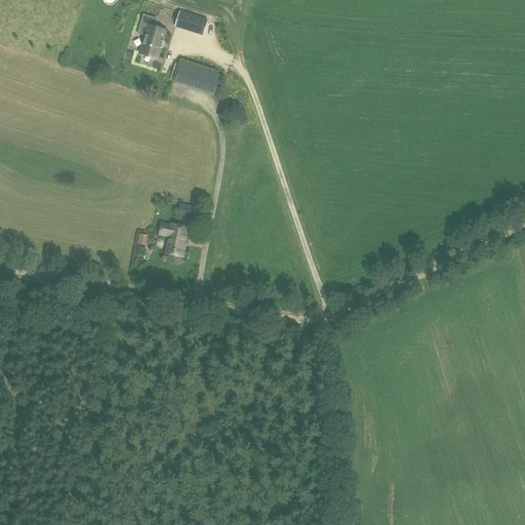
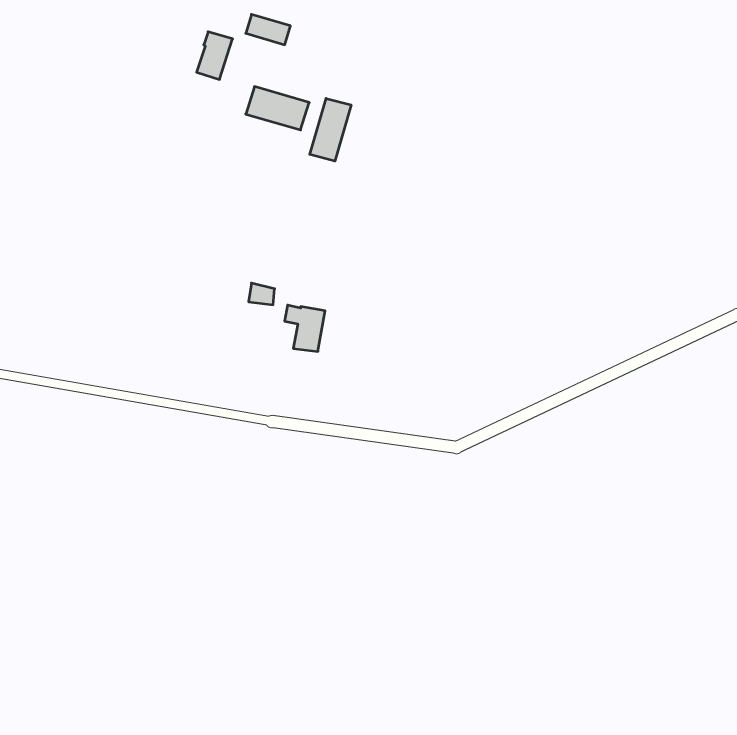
building: none -> [310,98,351,161]
building: [158,221,187,254] -> [285,305,325,351]

